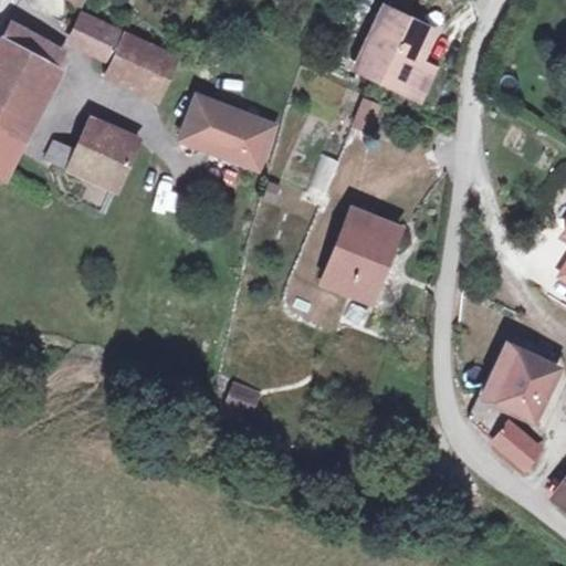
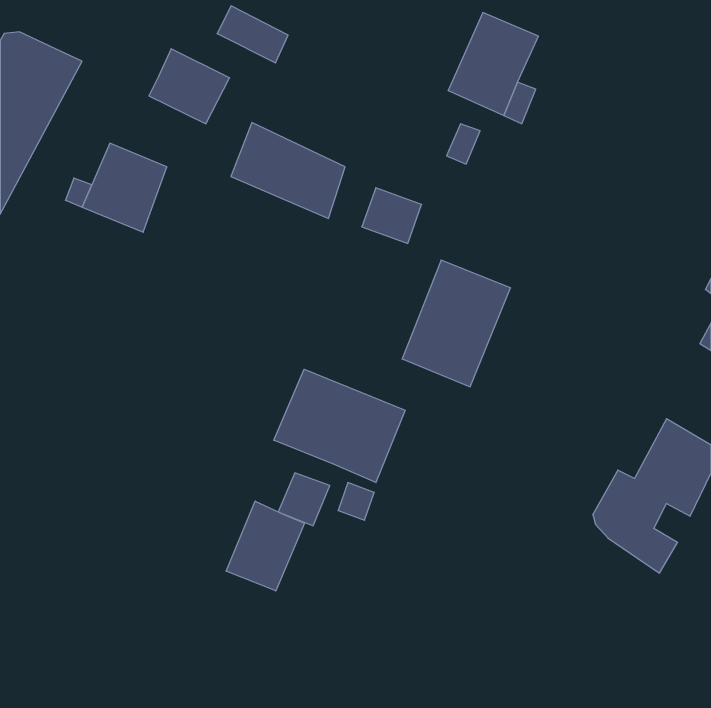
building: [80,15,136,61] -> [217,6,288,63]
building: none -> [274,369,405,483]
building: none -> [226,501,304,591]

